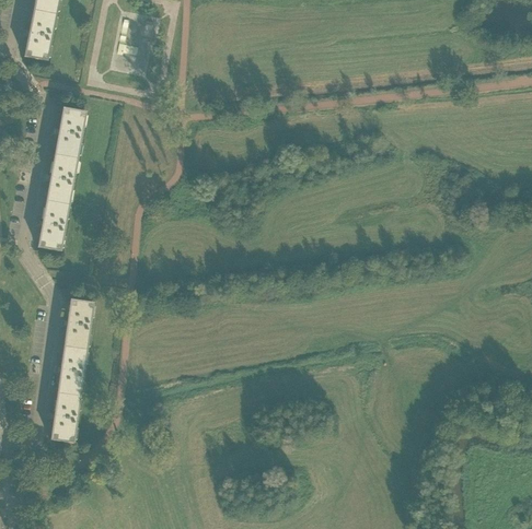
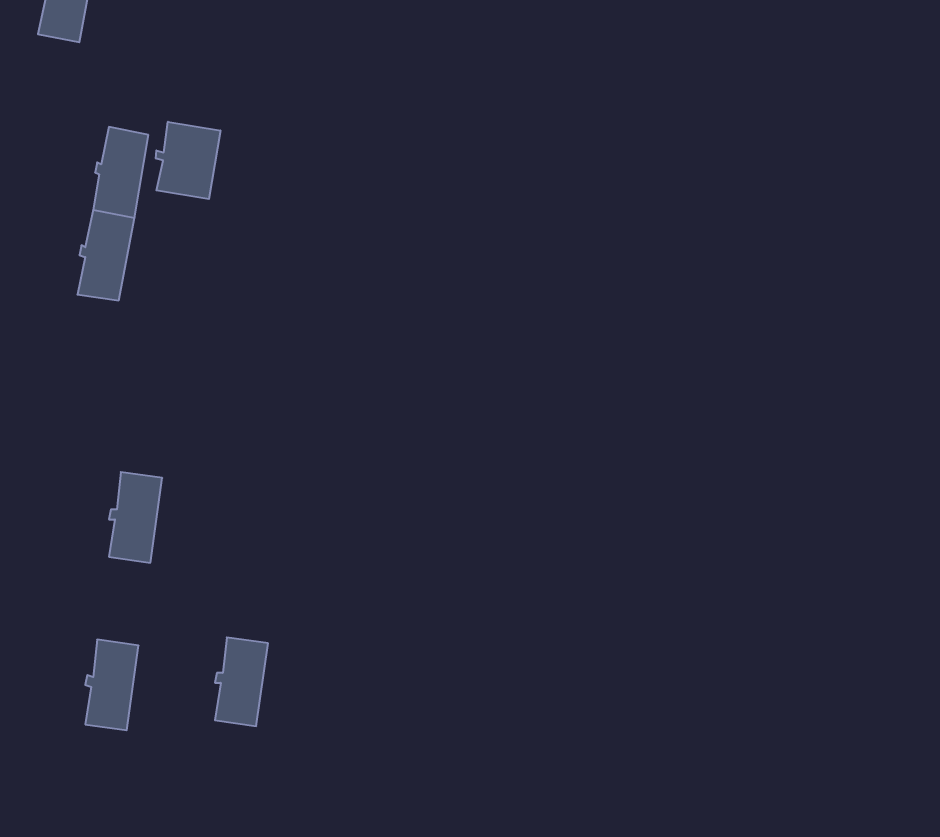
building: none -> [156,122,220,199]
building: [38,199,70,249] -> none
building: [58,344,88,393] -> [215,637,268,726]

